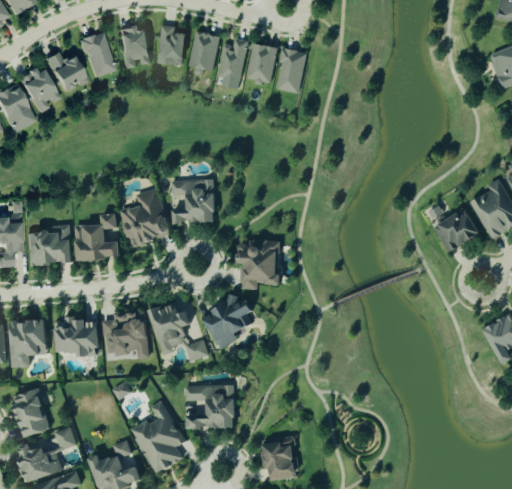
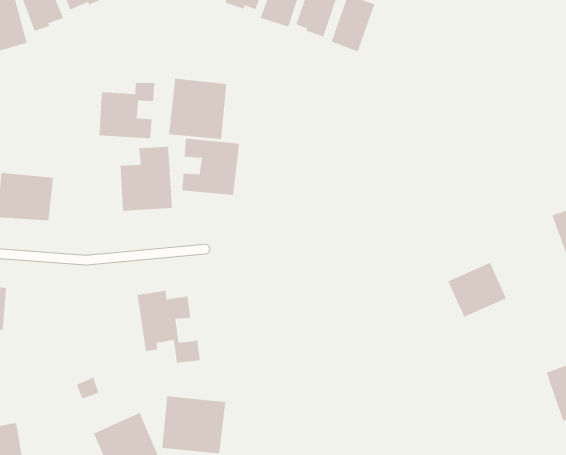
building: none -> [169,78,227,140]
building: [432,206,481,253] -> [448,262,507,318]
building: [74,213,119,261] -> [99,83,155,139]
building: [238,239,281,289] -> none
building: [201,295,253,349] -> none
building: [103,312,148,359] -> none
building: [55,319,98,357] -> none

